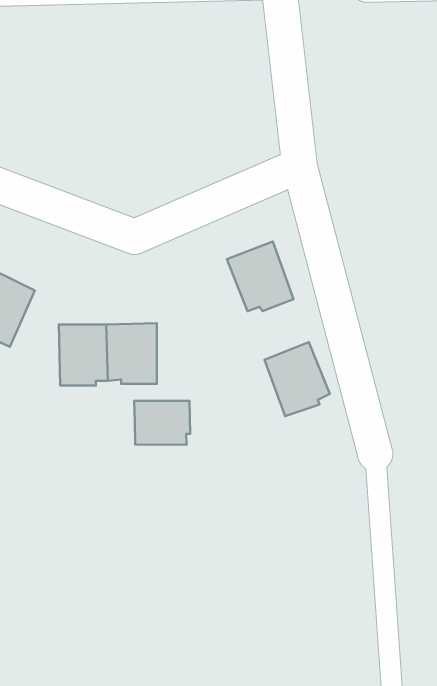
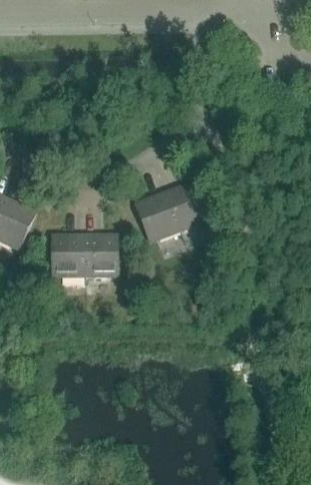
building: [264,342,330,416] -> [134,190,179,240]
building: [134,401,190,445] -> none

